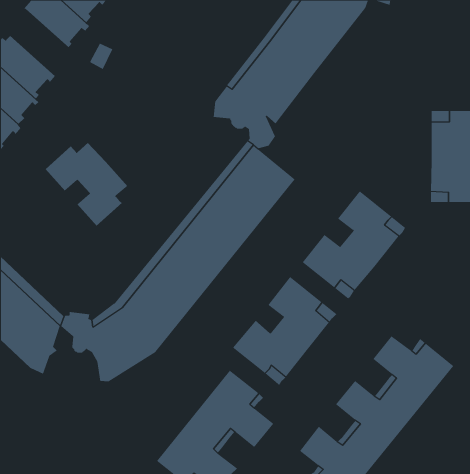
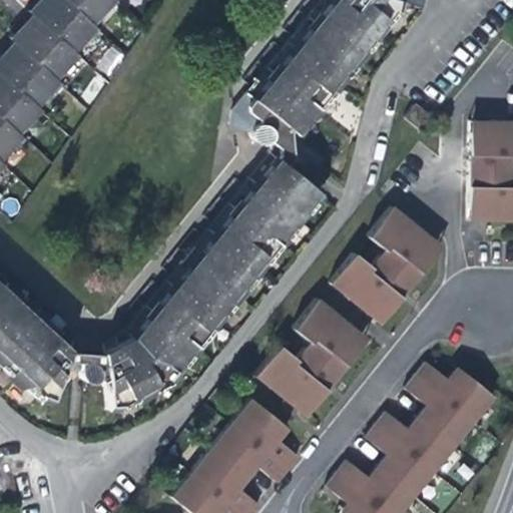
building: none -> [11,11,83,80]
building: [45,142,128,227] -> none

